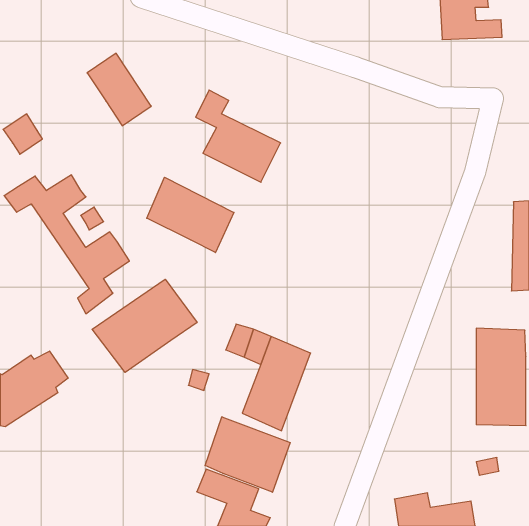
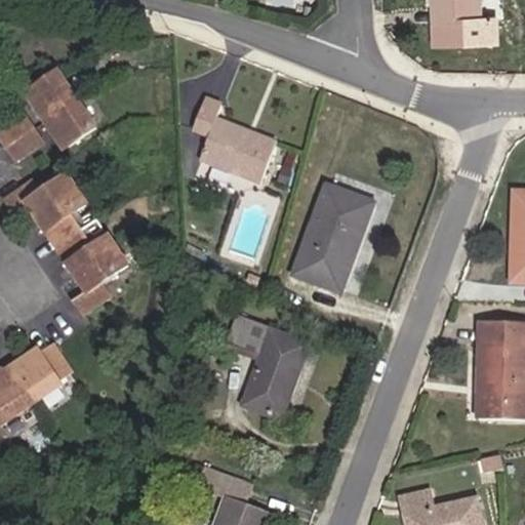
building: [87,53,151,126] -> [33,71,96,143]
building: [147,177,234,253] -> none
building: none -> [291,194,375,297]
building: [92,279,197,372] -> none
building: [205,417,290,492] -> none

